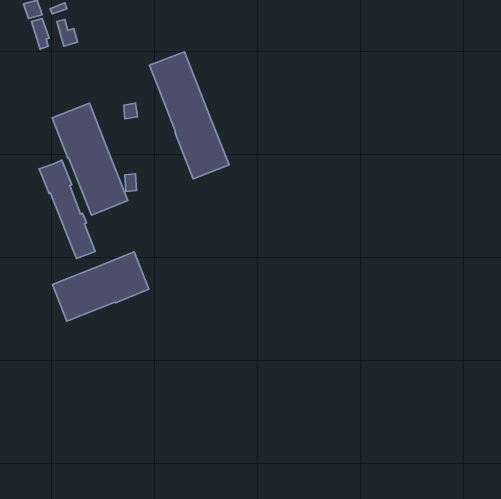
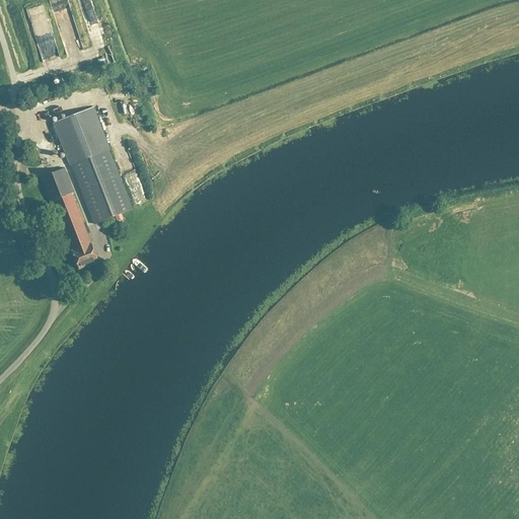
building: [149,52,229,179] -> none
building: [53,252,149,321] -> none

